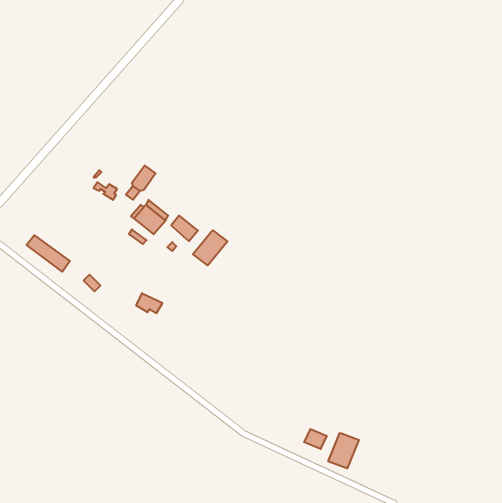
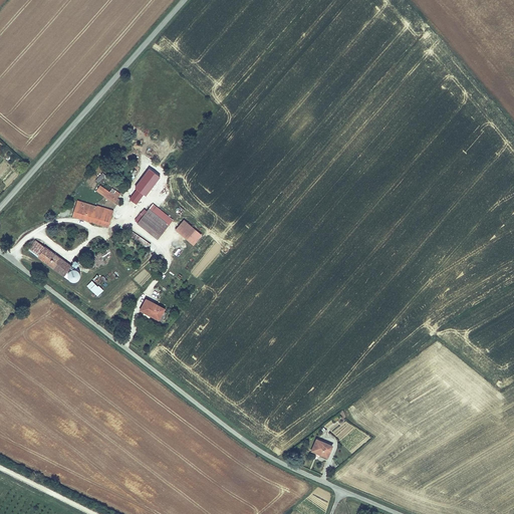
building: none -> [72,201,112,226]
building: [193,230,227,265] -> none
building: [328,433,359,468] -> none

